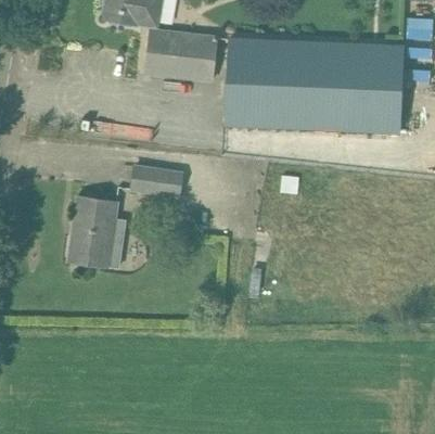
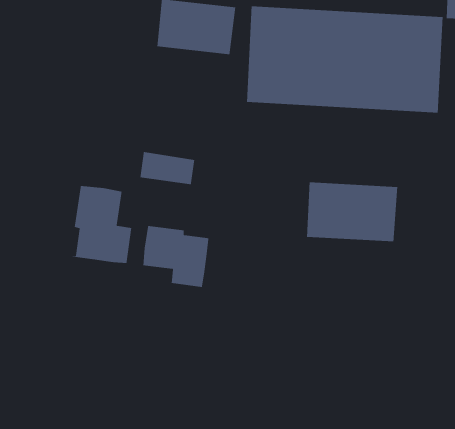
building: none -> [306,181,398,242]
building: none -> [143,225,210,288]

